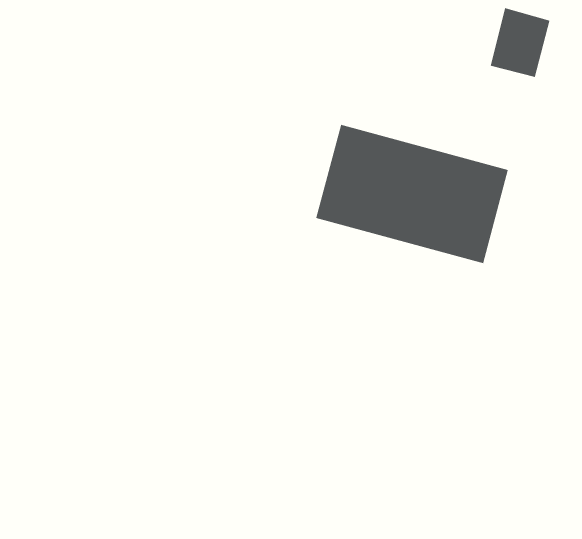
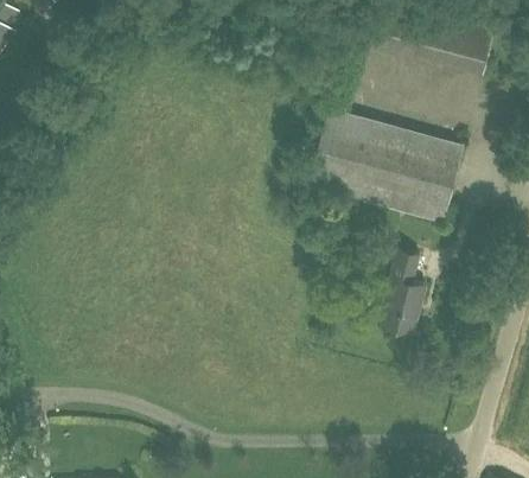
building: none -> [381,243,428,332]

